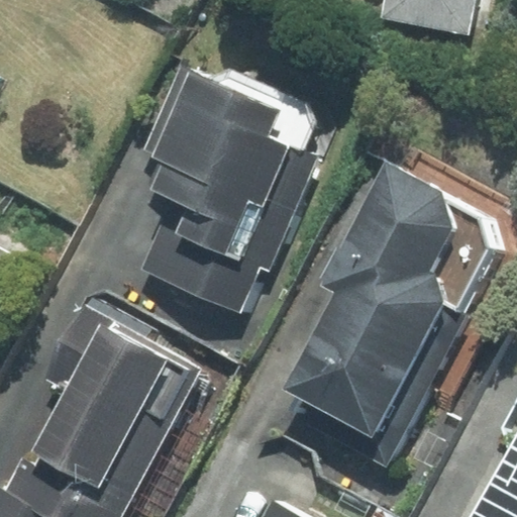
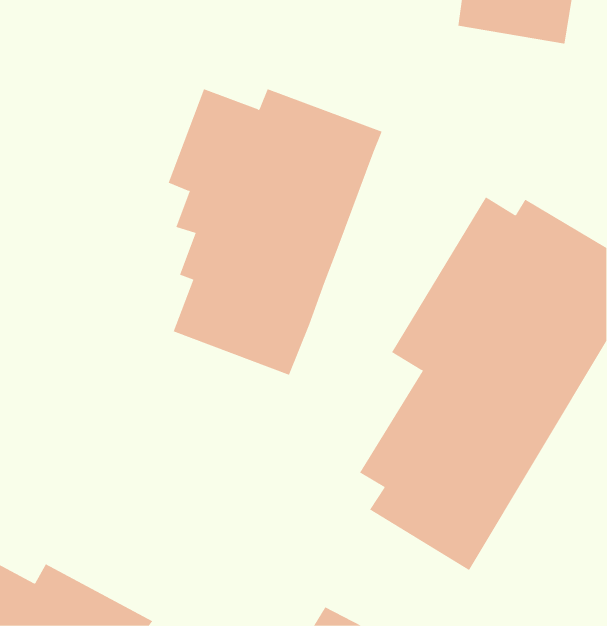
building: [42,320,180,489] -> none

